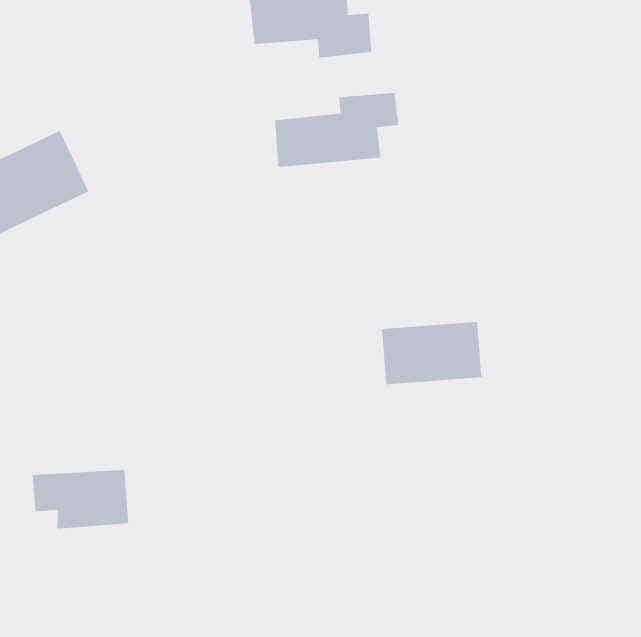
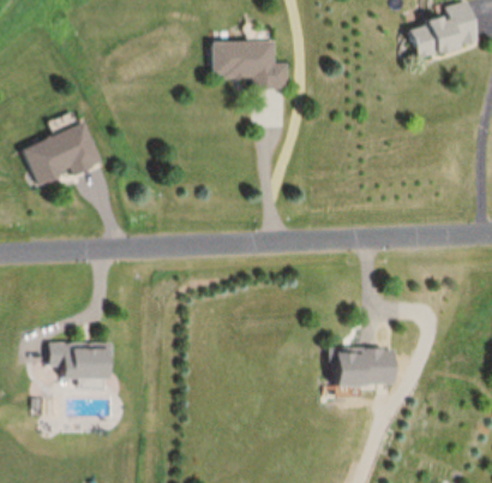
building: [274,92,399,168] -> none
building: [381,322,482,385] -> [335,348,397,384]

